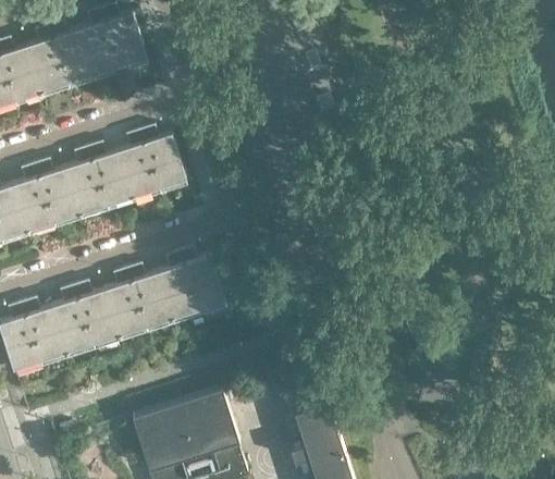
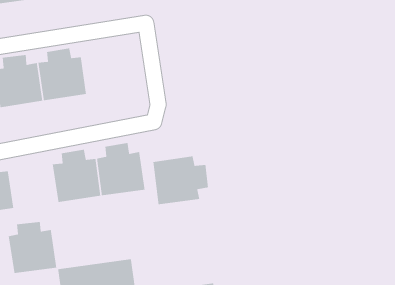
building: [118,130,185,200] -> none
building: none -> [152,155,209,205]
building: [51,285,119,356] -> [8,221,57,274]

